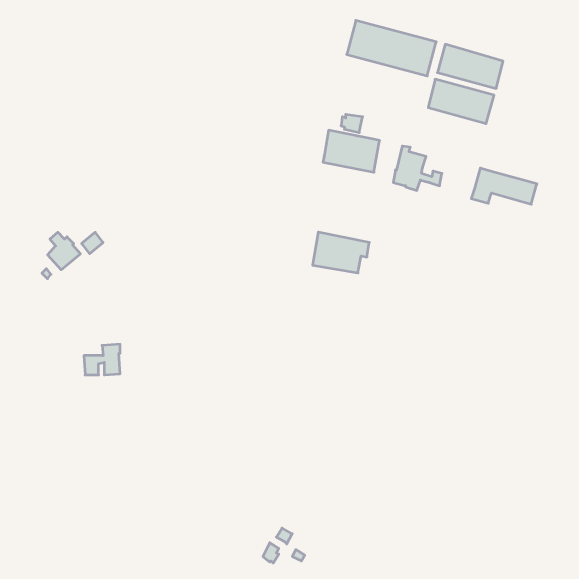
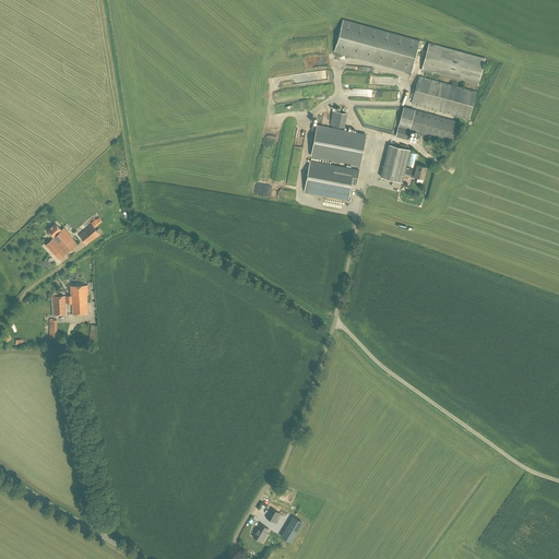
building: [471,168,537,204] -> [395,107,459,142]
building: [313,232,369,273] -> [305,160,359,200]
building: [84,344,120,375] -> [52,285,87,314]

